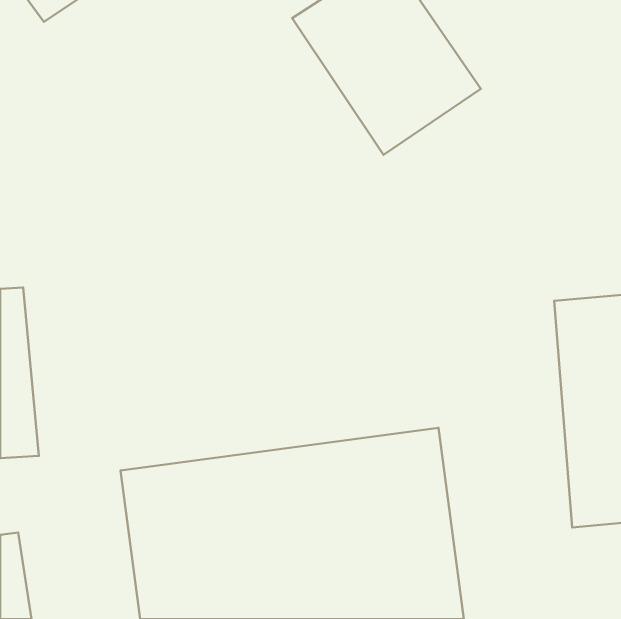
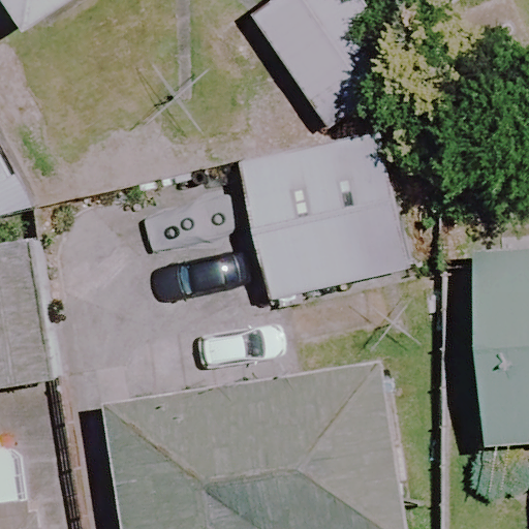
building: none -> [232,135,406,302]

